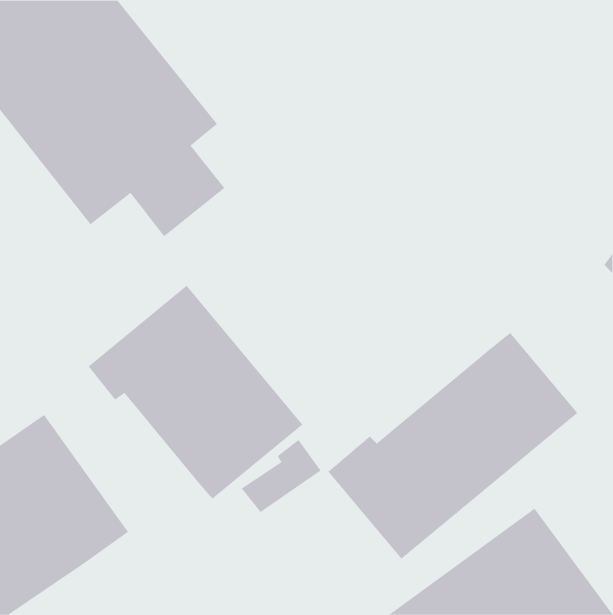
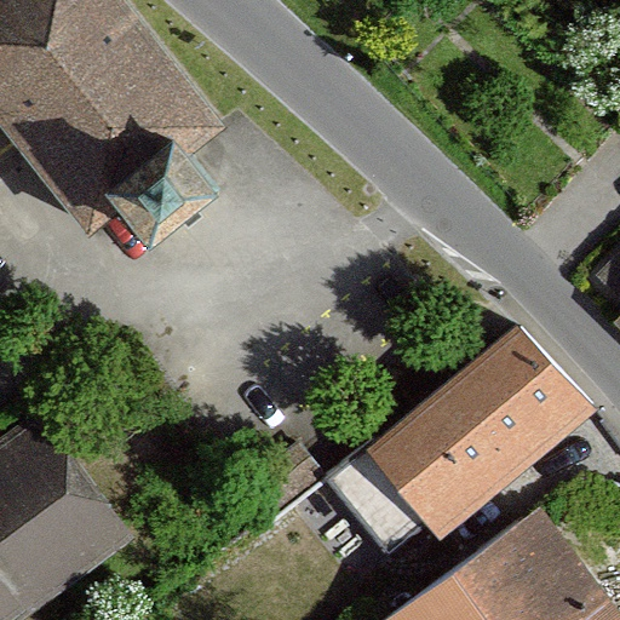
building: [88,285,303,500] -> none

